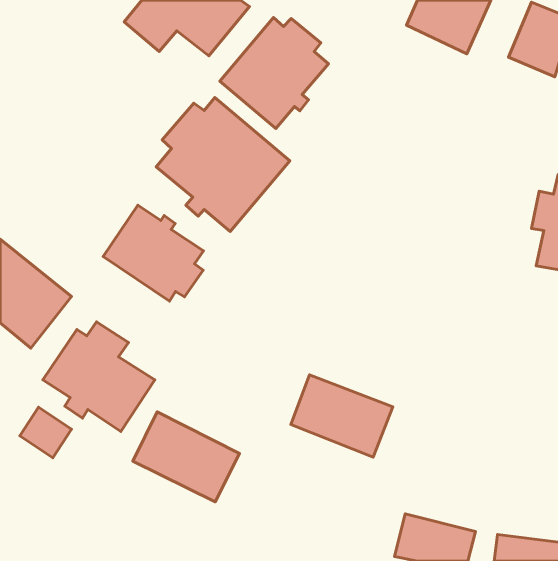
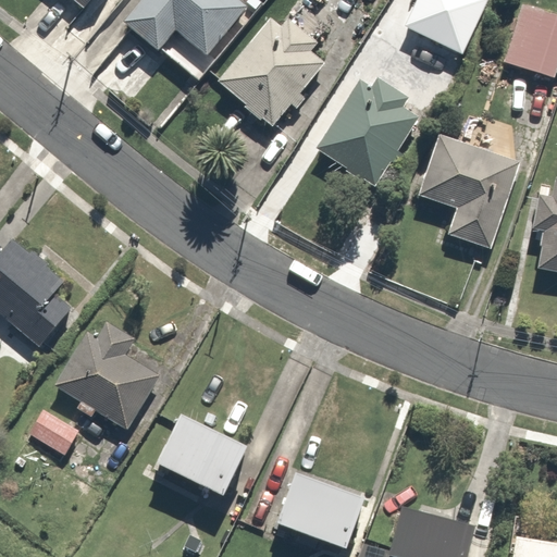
building: none -> [320,77,421,186]
building: [156,98,290,231] -> none
building: none -> [419,135,524,249]
building: [103,205,203,301] -> none
building: [291,375,393,457] -> [260,468,361,549]

